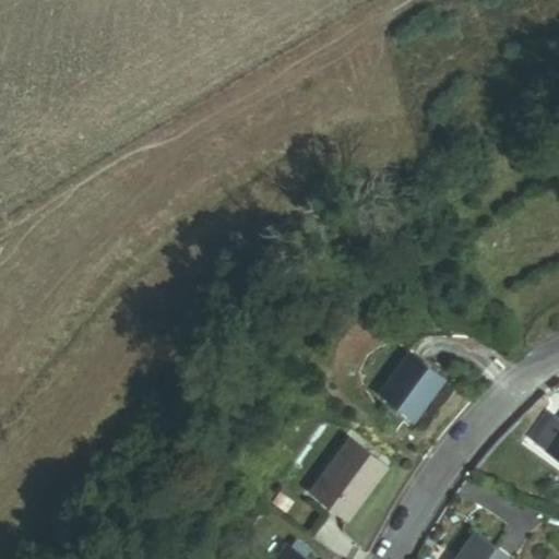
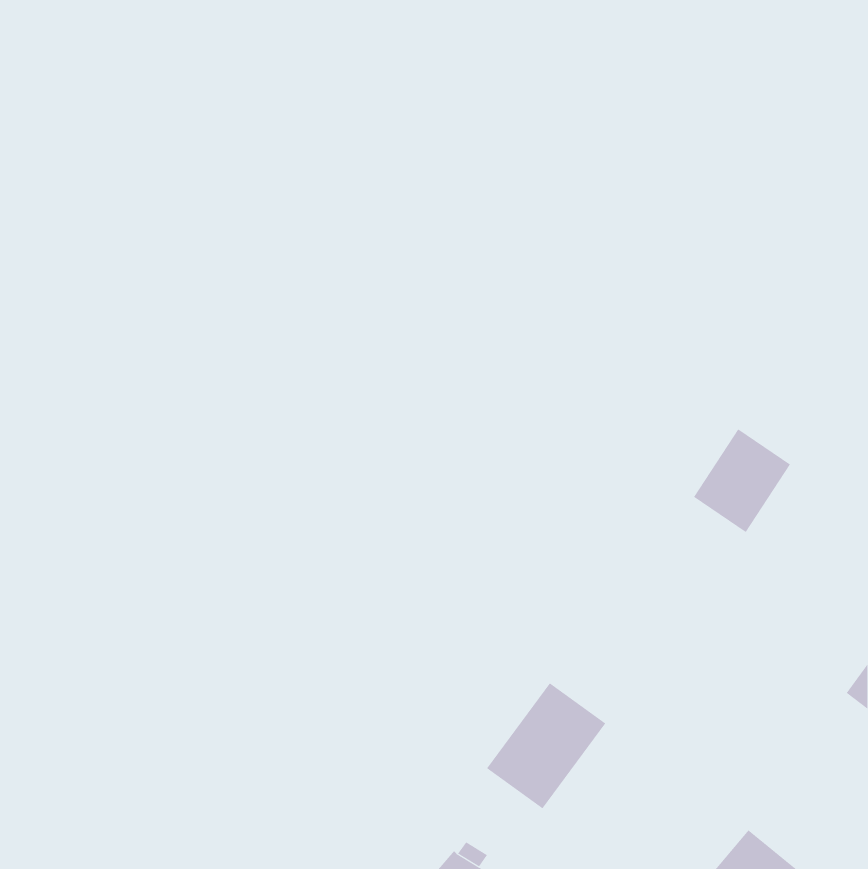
building: [380,354,442,420] -> [693,429,791,533]

